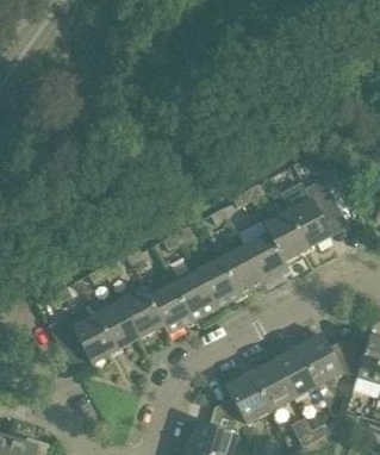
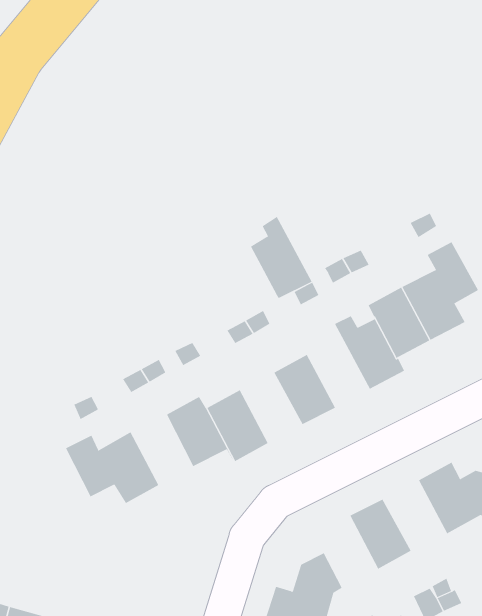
building: [220,236,264,295] -> [250,216,312,300]
building: [173,270,217,320] -> none
building: [95,300,139,350] -> none
building: [274,347,319,397] -> none
building: [226,372,270,423] -> none

